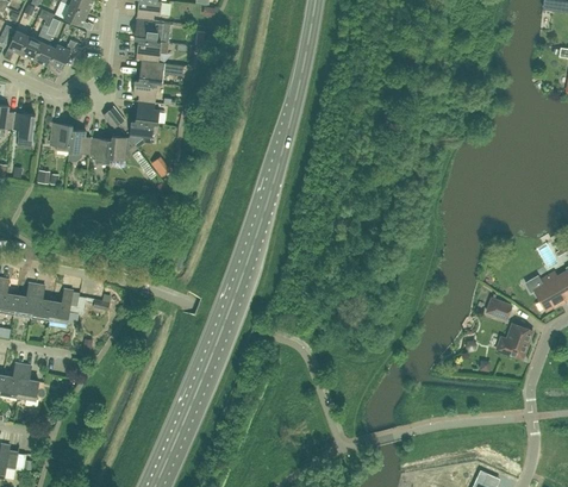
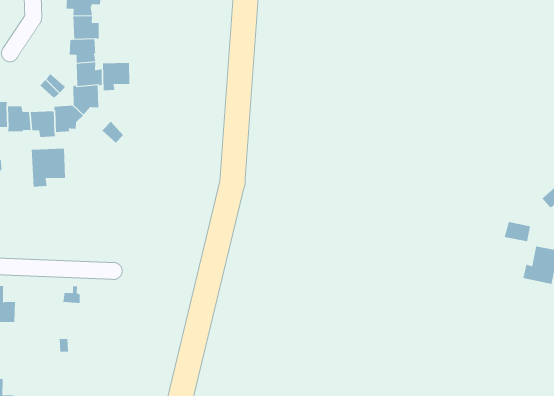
building: none -> [102,62,130,91]
building: none -> [31,148,65,187]
building: [49,288,86,321] -> none

